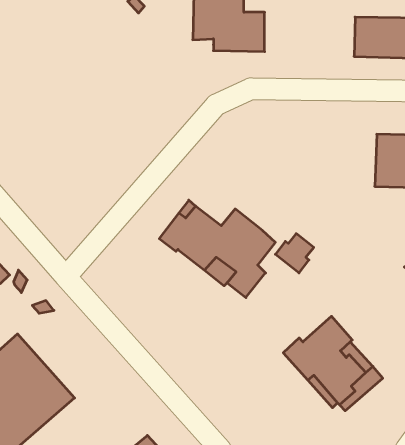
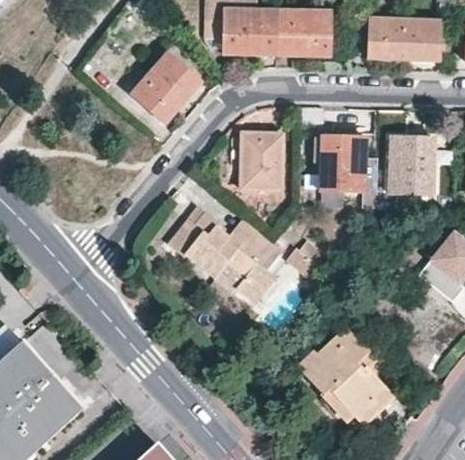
building: none -> [276,15,328,56]
building: none -> [133,56,200,123]
building: none -> [241,135,282,188]
building: none -> [320,138,377,192]

